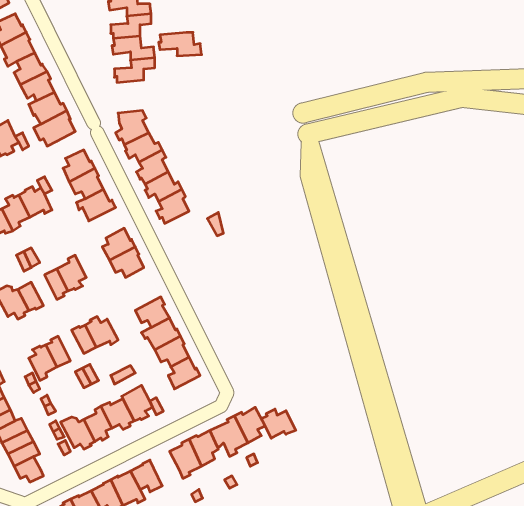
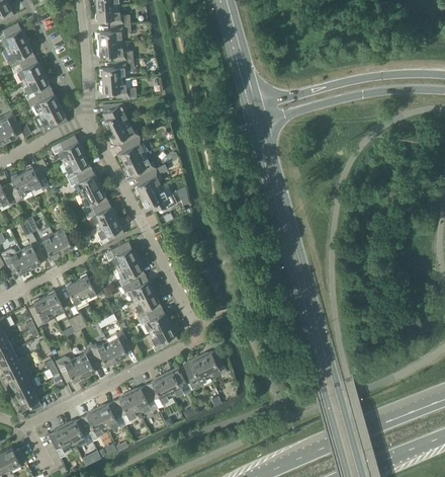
building: [159,32,202,56] -> [100,78,136,97]
building: none -> [78,183,107,209]
building: none -> [141,186,176,211]
building: none -> [110,242,138,268]
building: none -> [149,322,177,347]
building: [261,409,296,438] -> none
building: none -> [128,385,153,413]

